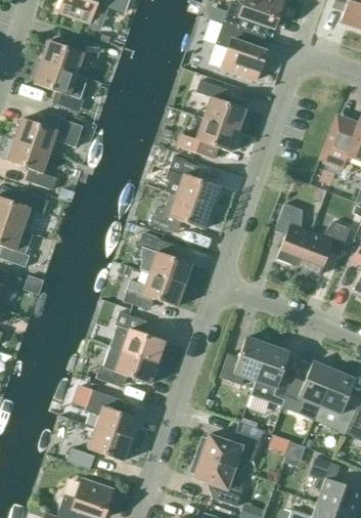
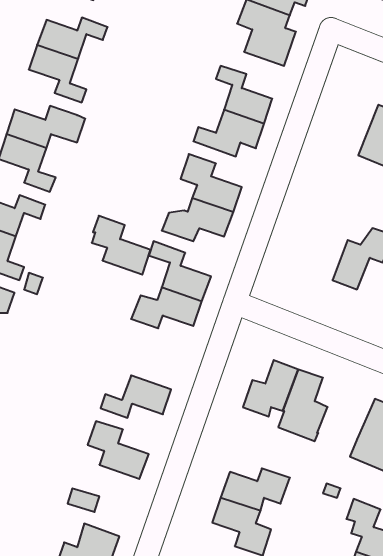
building: [276,203,311,266] -> none
building: [114,310,165,361] -> [92,216,151,275]
building: [284,360,334,404] -> none
building: [88,427,130,461] -> none

